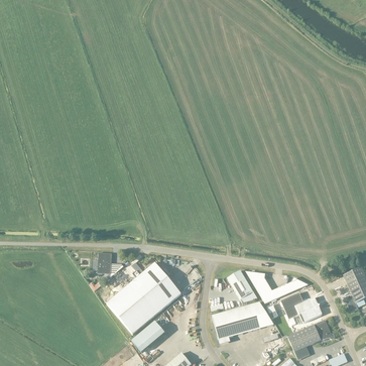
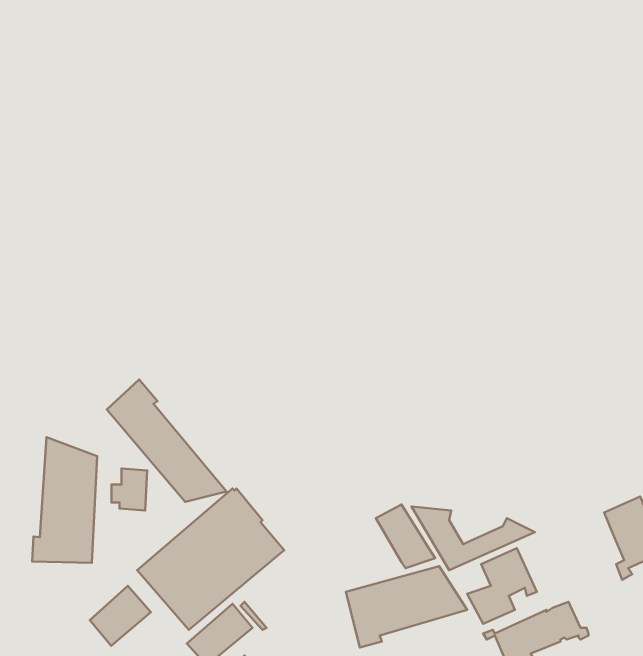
building: none -> [107,380,227,502]
building: none -> [32,437,97,563]
building: none -> [90,586,151,646]

